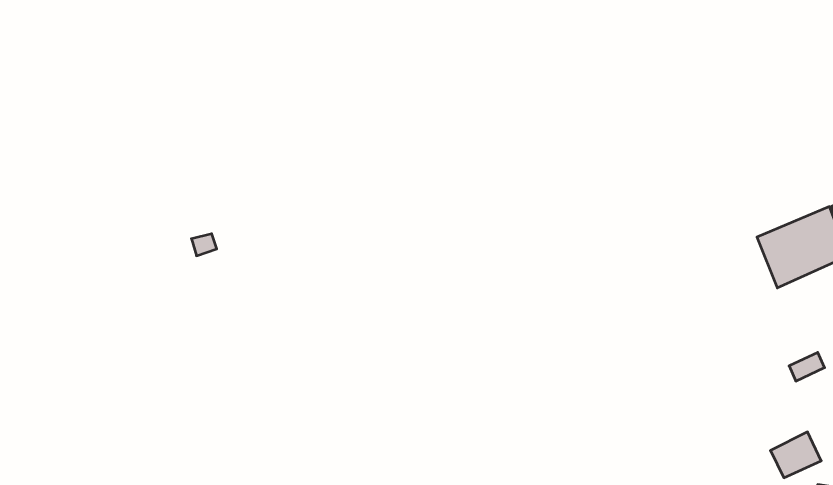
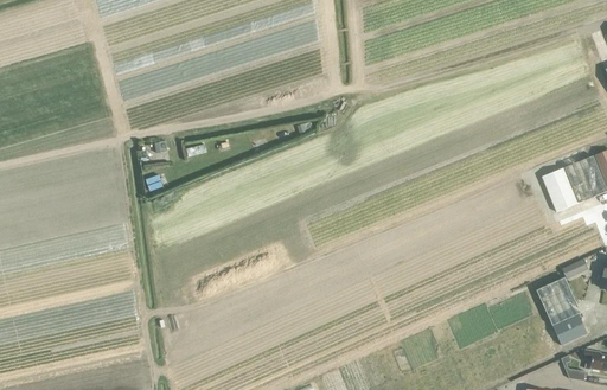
building: none -> [536,277,581,326]

